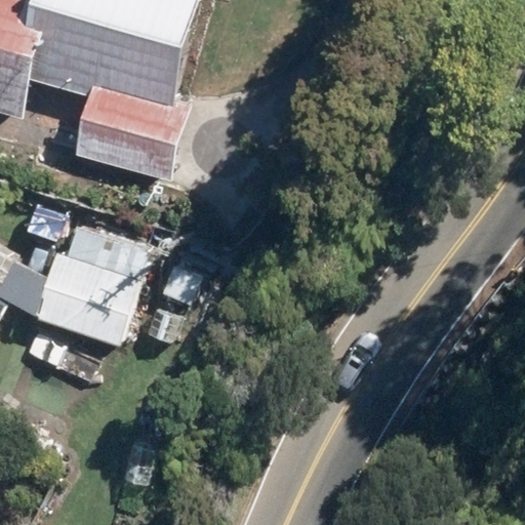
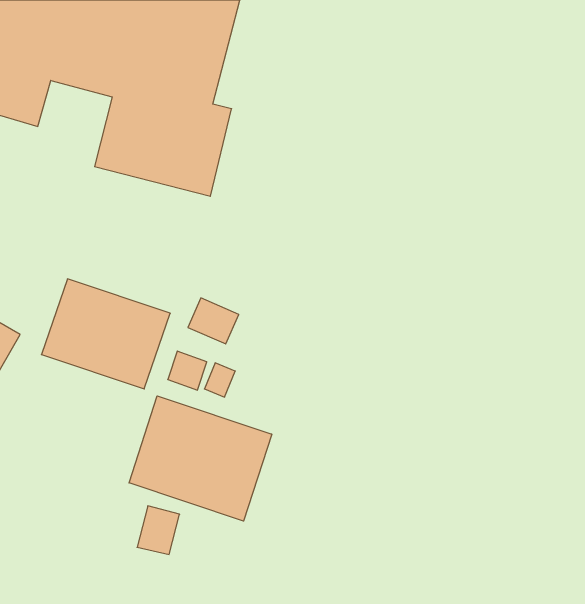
building: none -> [129,396,272,521]

